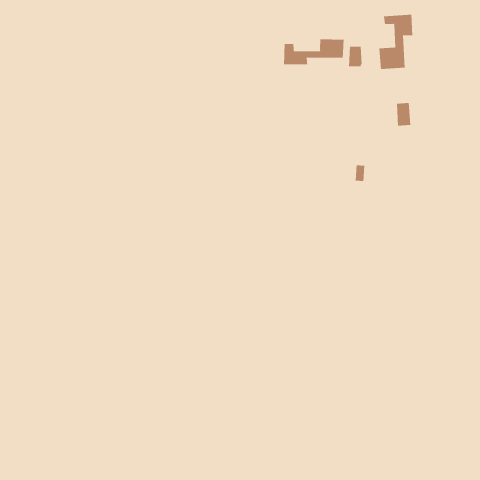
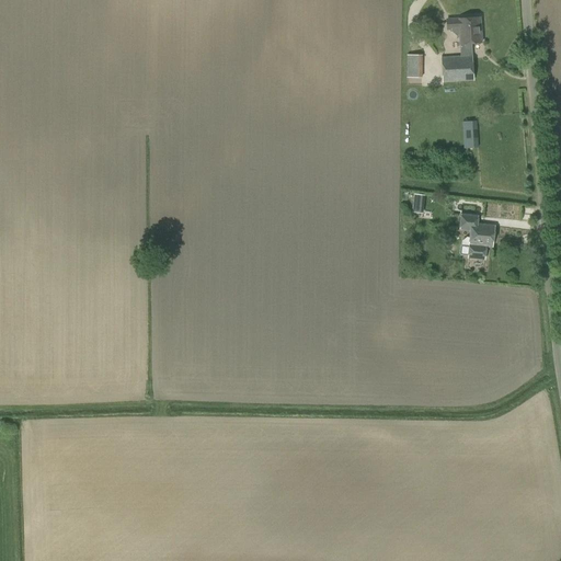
building: [284,38,344,65] -> none
building: none -> [459,214,494,259]

